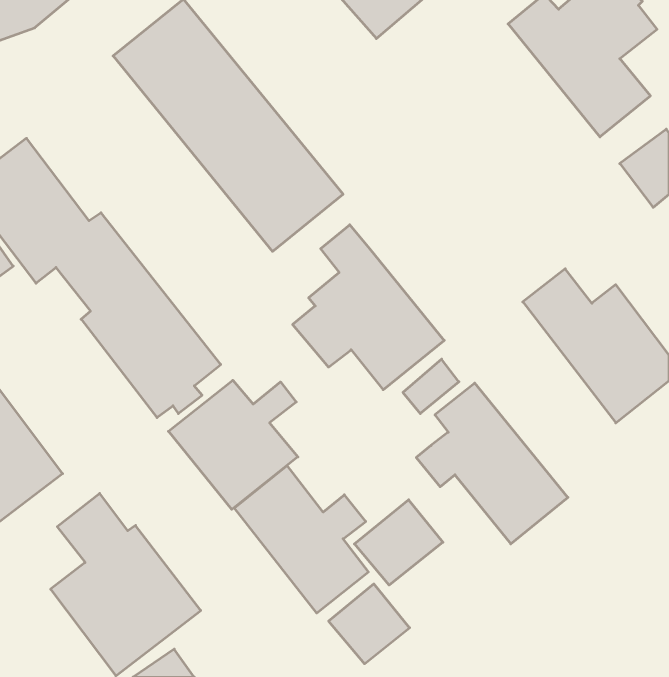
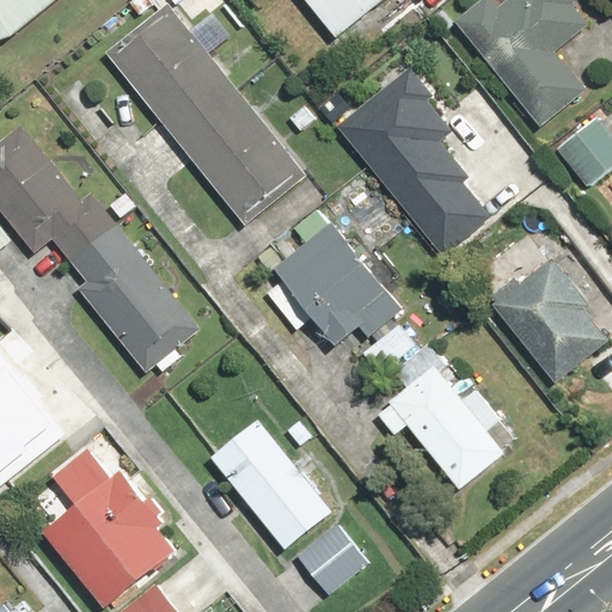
building: none -> [332,65,490,257]
building: [168,380,298,509] -> none
building: [354,500,443,585] -> none

